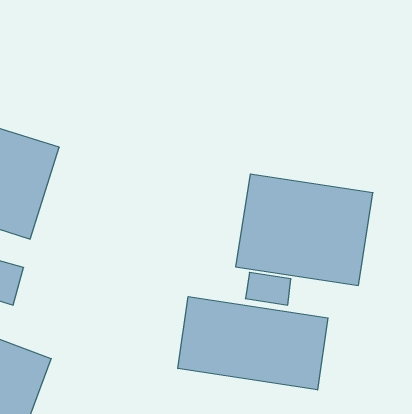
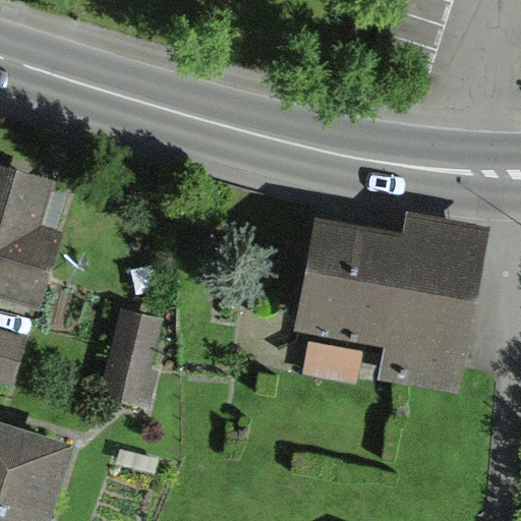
building: none -> [103,303,169,402]
building: [178,297,328,390] -> none

